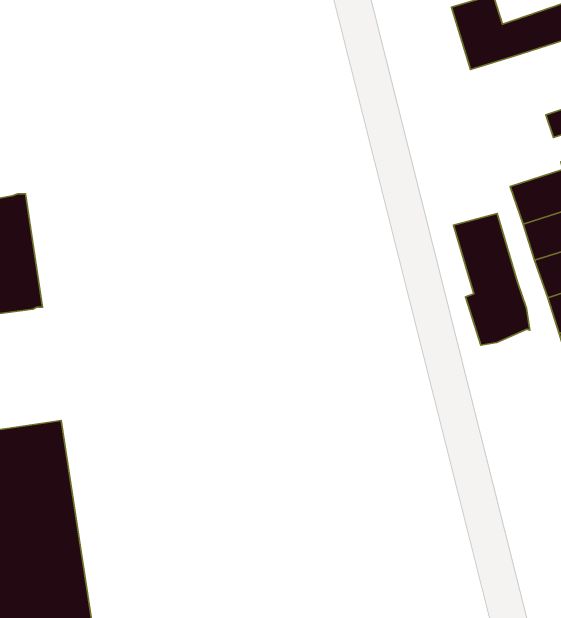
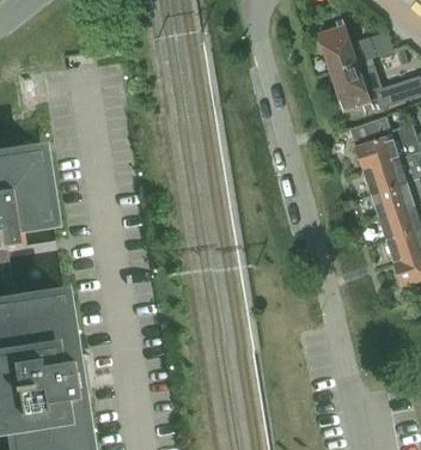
building: none -> [329,63,380,110]
building: [454,214,530,345] -> none

